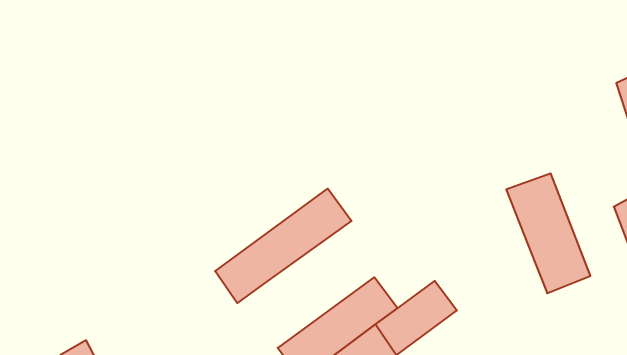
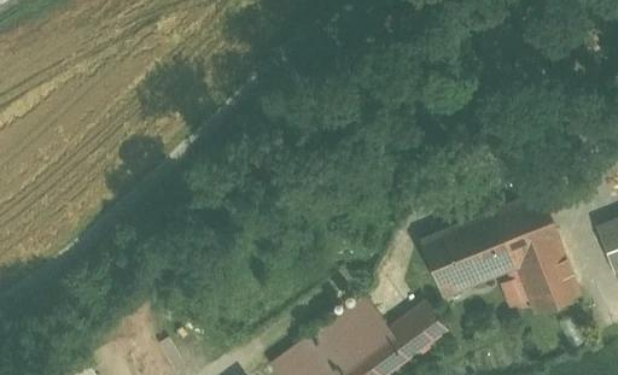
building: [215,189,352,303] -> none
building: none -> [421,211,517,294]

